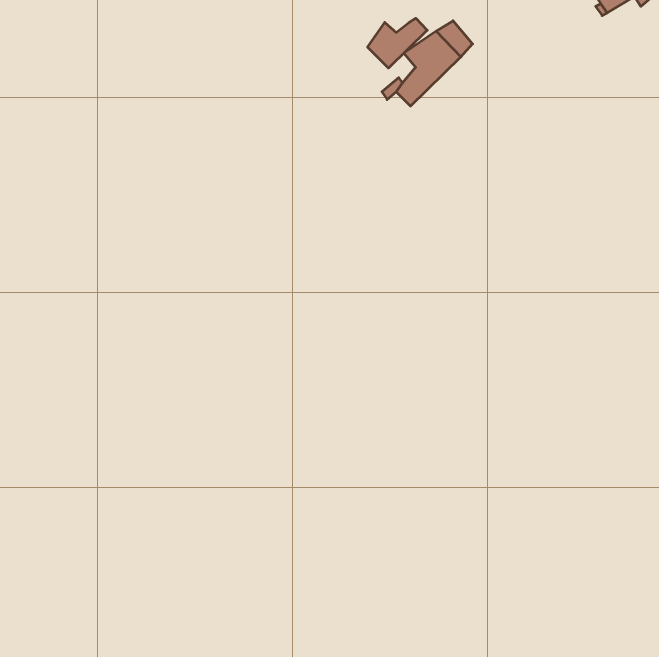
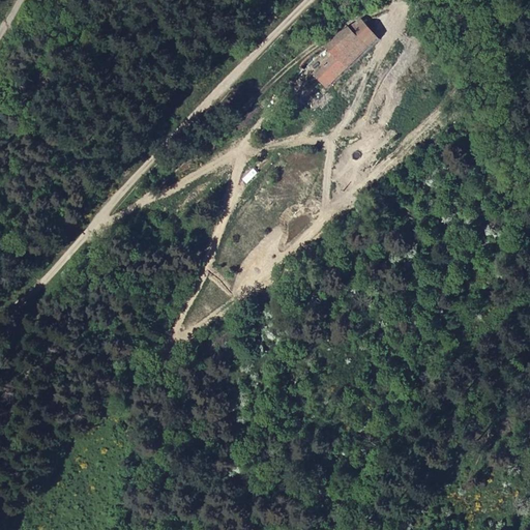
building: [368,18,427,68] -> none

